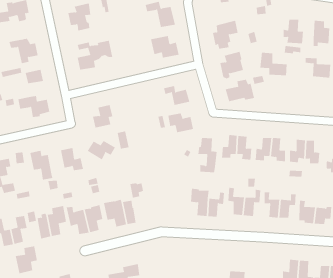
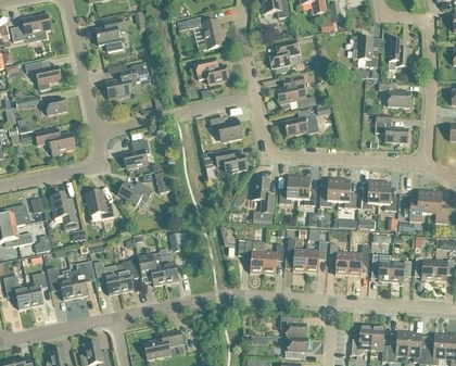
building: [259,52,288,76] -> [375,114,408,142]
building: [15,246,38,274] -> none
building: none -> [280,316,307,337]

